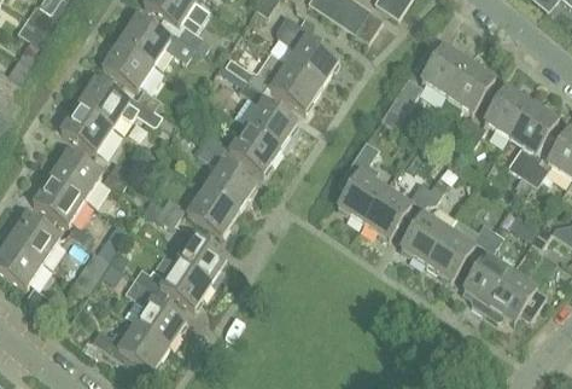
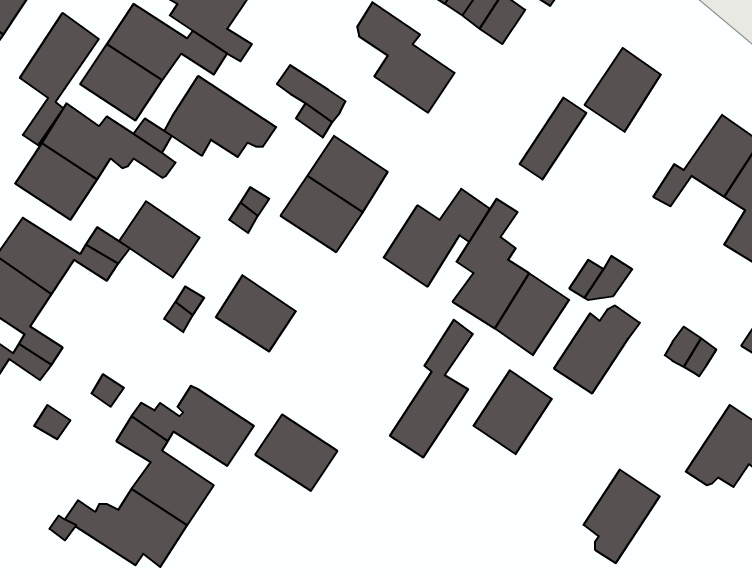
building: none -> [20,13,99,145]
building: [445,60,494,138] -> none
building: none -> [164,76,276,157]
building: [270,62,321,110] -> none
building: none -> [384,189,490,287]
building: [204,162,255,210] -> [119,201,200,278]
building: none -> [390,320,473,458]
building: [425,227,474,280] -> [473,370,552,454]
building: [176,234,228,283] -> [255,415,337,491]
building: [463,252,512,312] -> [583,470,660,563]

